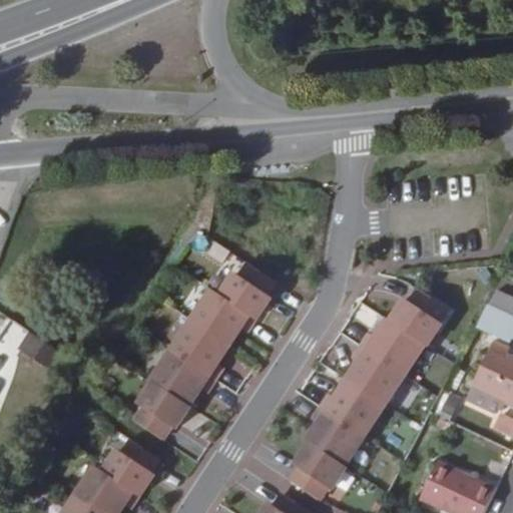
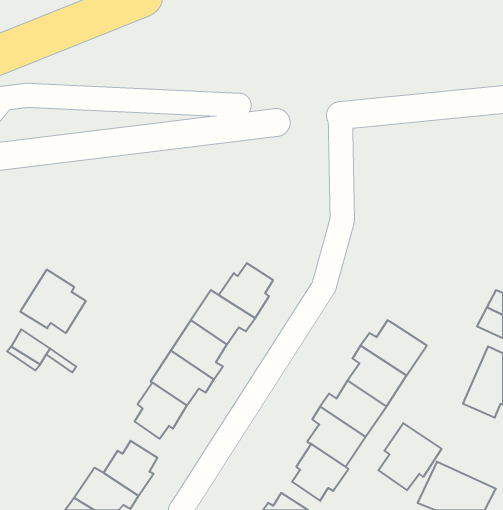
building: none -> [20,269,86,333]
building: [392,290,446,346] -> none
building: none -> [378,423,441,490]

